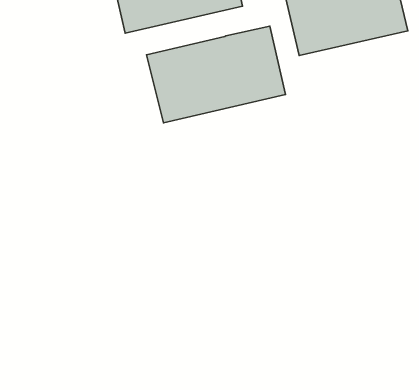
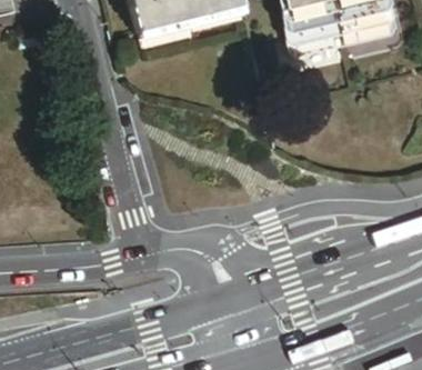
building: [146,26,286,123] -> none

